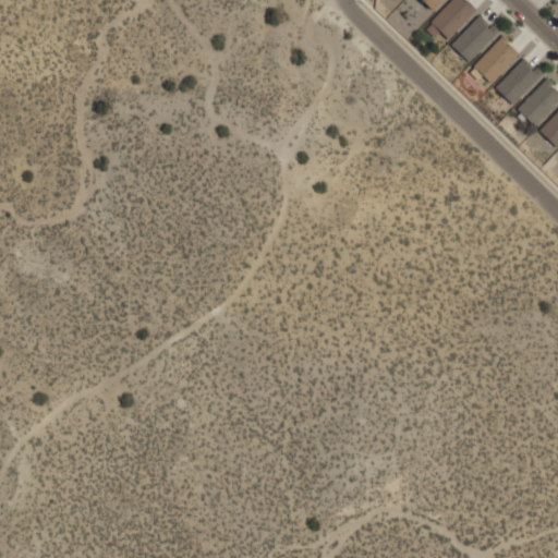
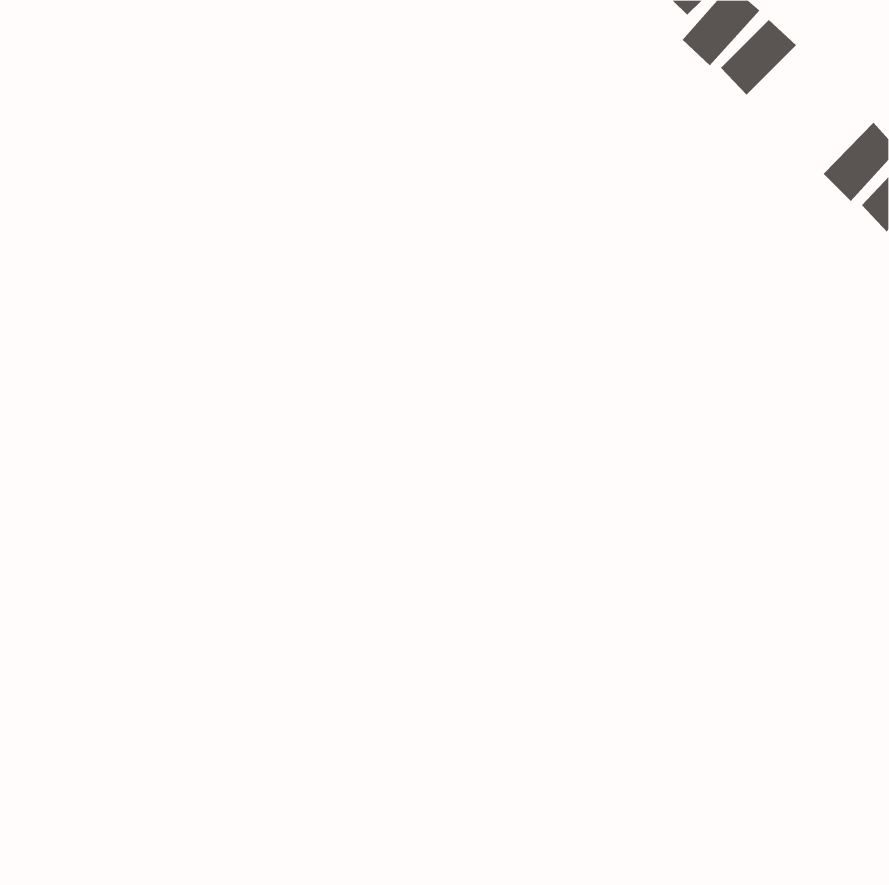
building: [473,36,521,83] -> none
building: [495,57,543,106] -> none

